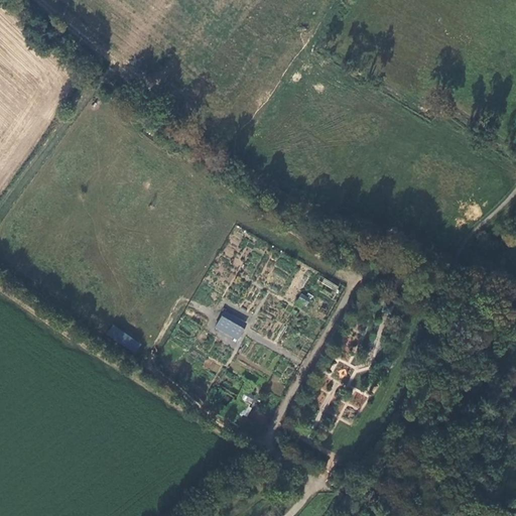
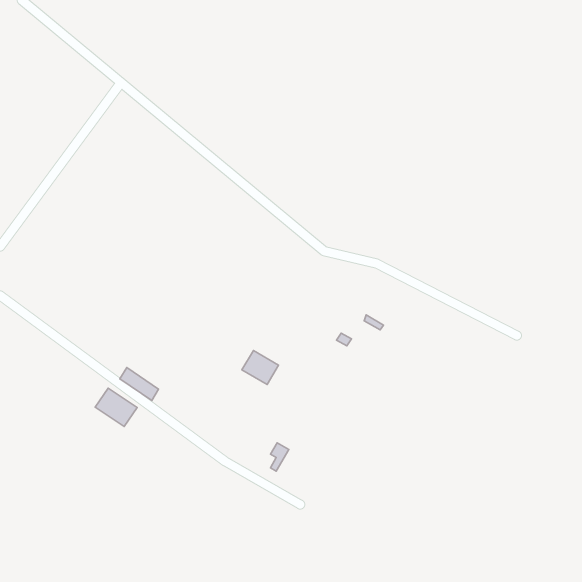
building: none -> [95,388,137,427]

